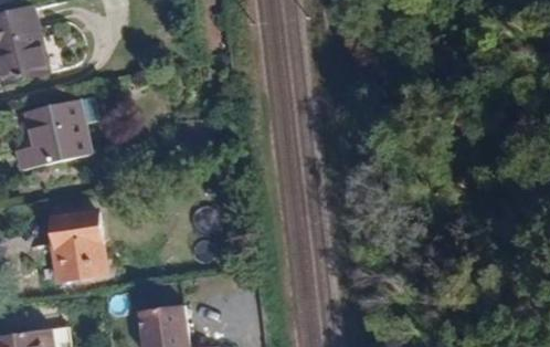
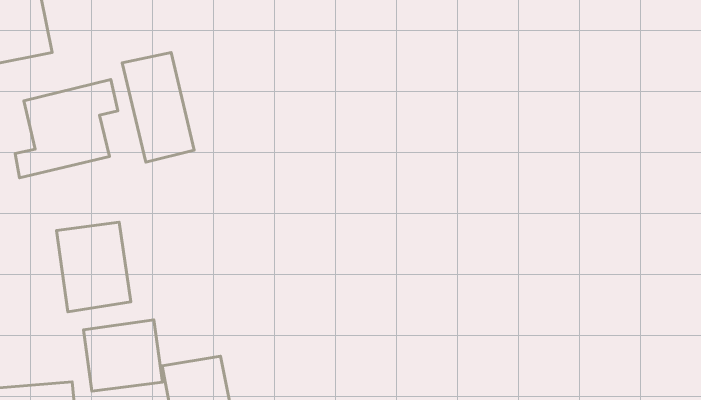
building: none -> [122,53,194,162]
building: none -> [83,320,163,391]

